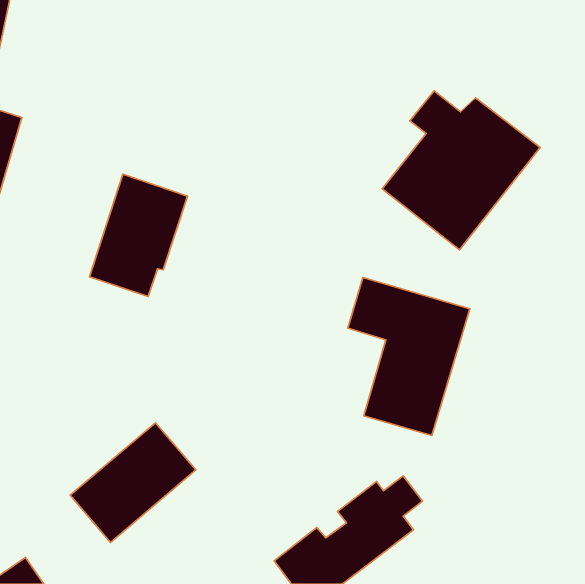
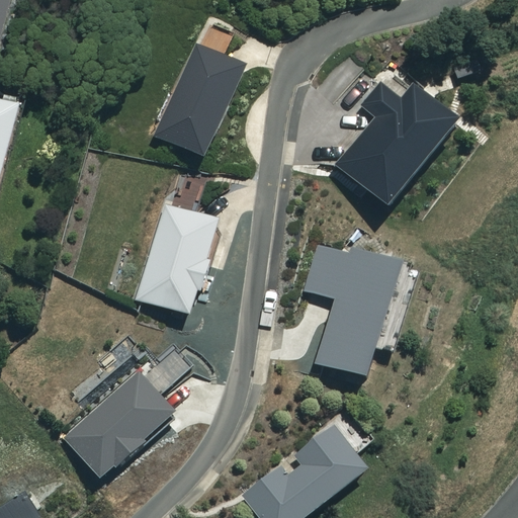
building: none -> [156,44,242,154]
building: [90,174,187,296] -> [136,204,222,312]

